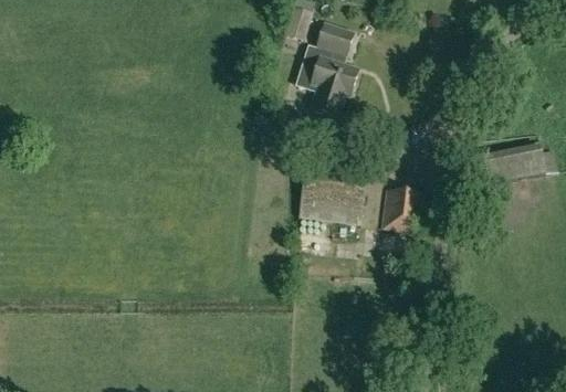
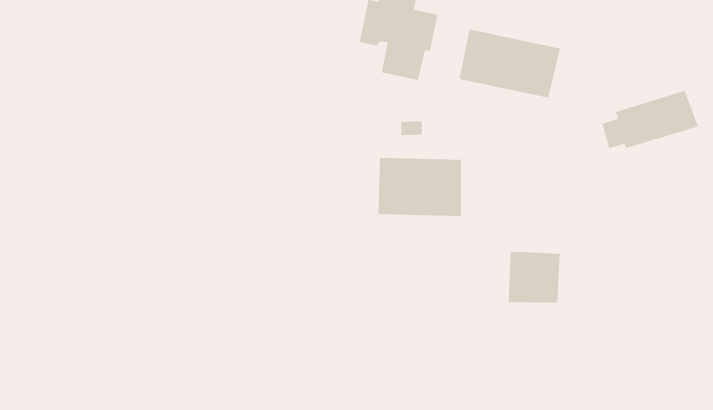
building: none -> [458,28,561,99]
building: [381,188,424,231] -> [508,251,560,304]

